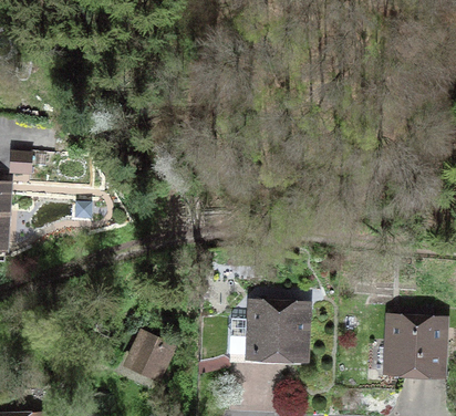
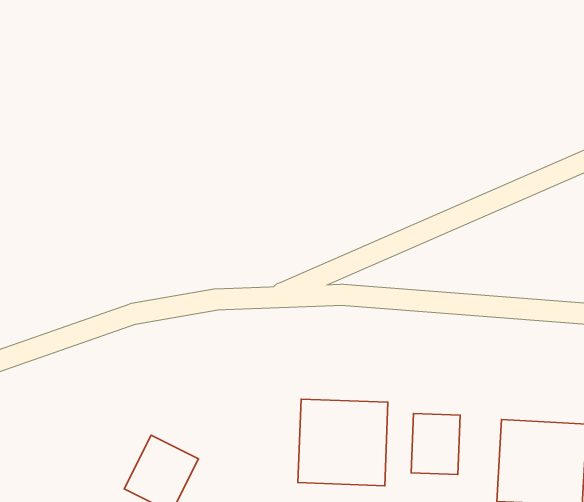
building: none -> [411,414,460,475]

